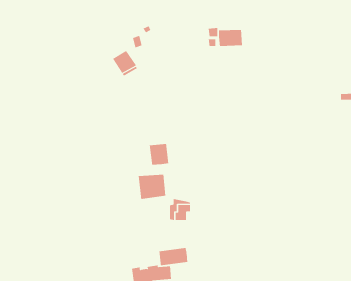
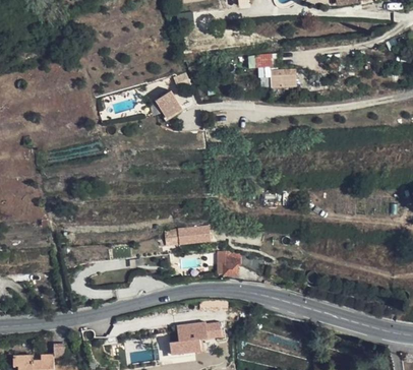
building: [149,143,169,165] -> none
building: [159,247,188,266] -> none

